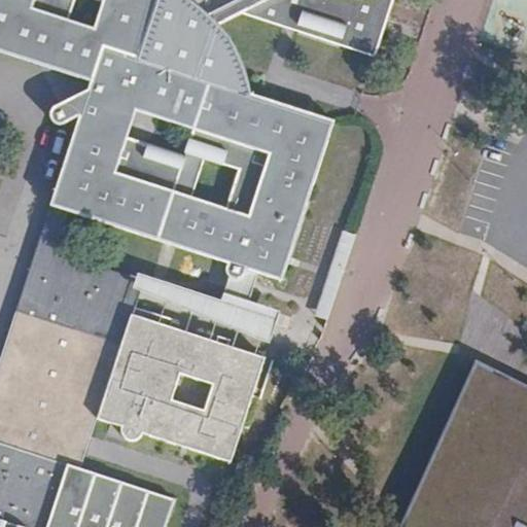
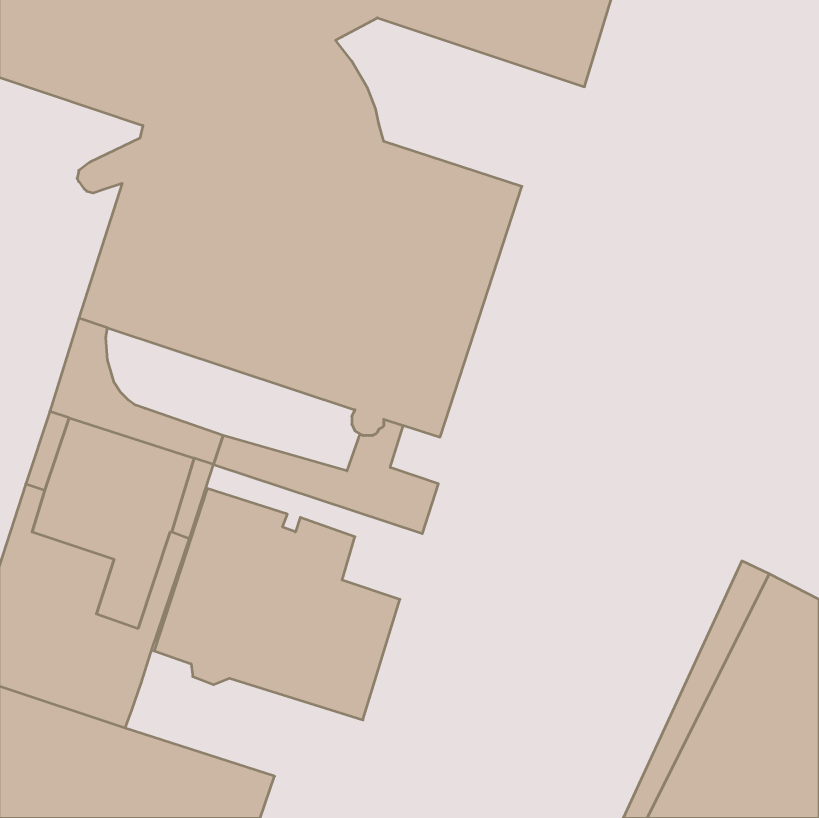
building: [219,344,265,384] -> none

